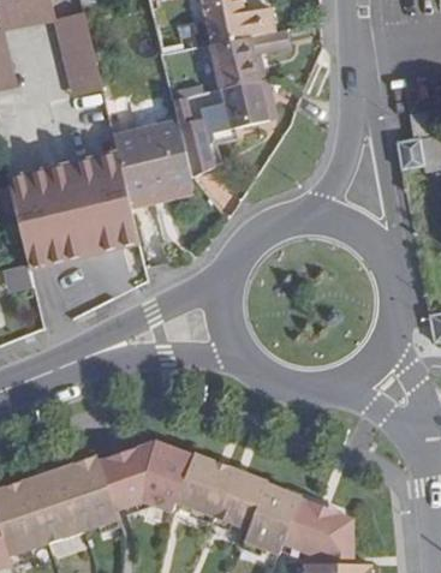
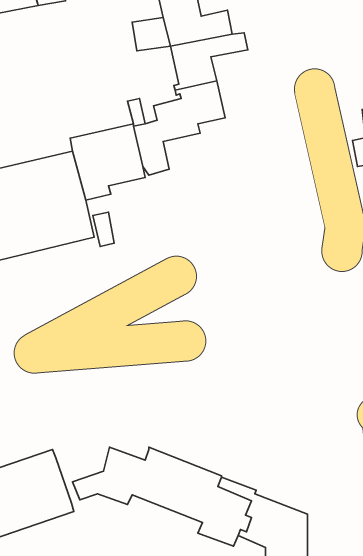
building: [54,12,95,92] -> none
building: [99,442,192,508] -> none

